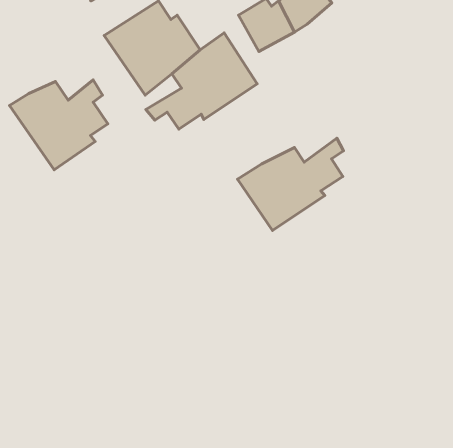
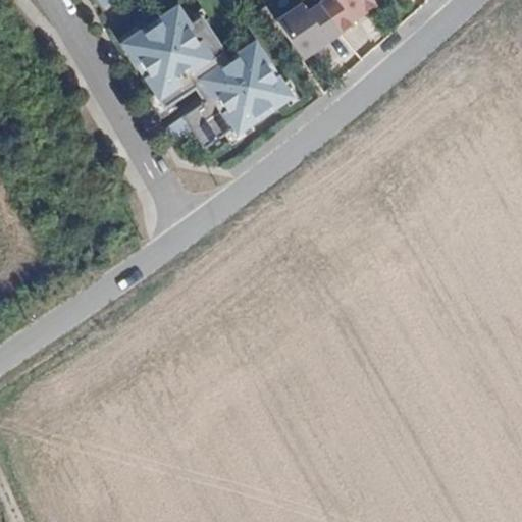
building: [9,80,108,170] -> none
building: [238,138,343,231] -> none

